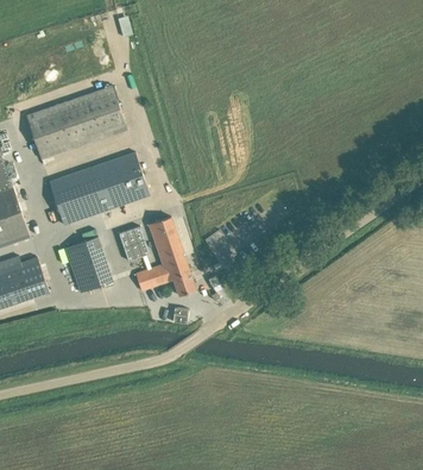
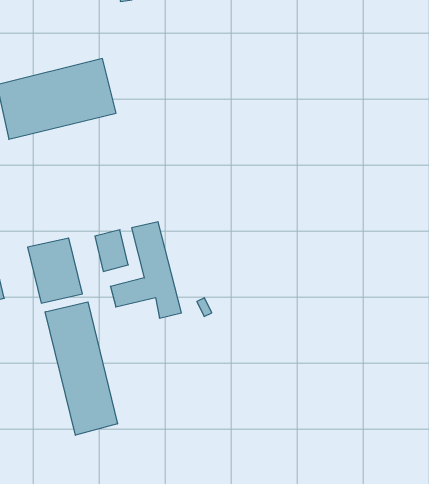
building: [48,151,149,224] -> none
building: none -> [45,302,117,435]

